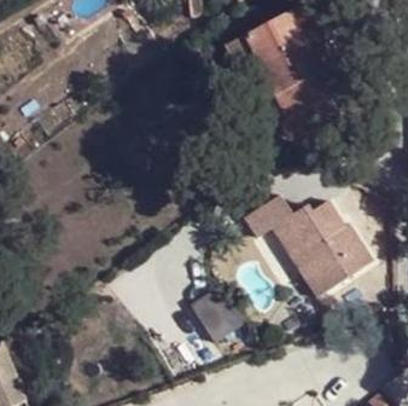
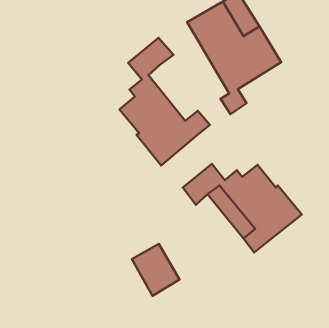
building: none -> [120,38,210,165]

